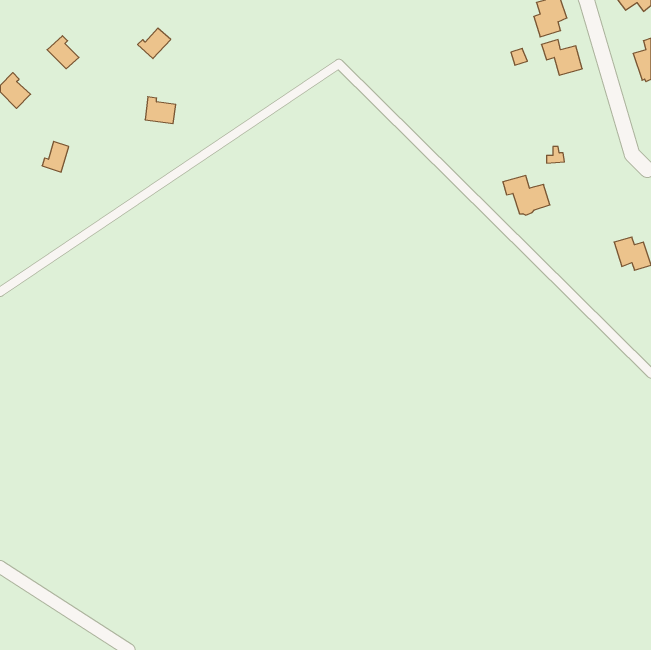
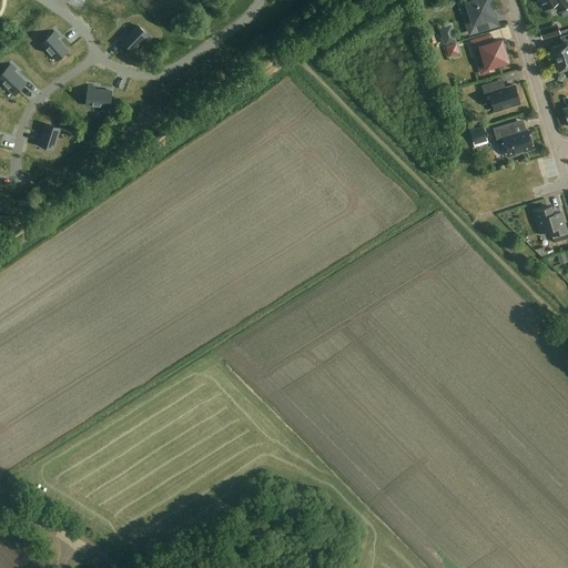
building: none -> [481,78,520,110]
building: [145,97,176,124] -> [85,84,112,108]
building: [503,176,550,215] -> [493,122,534,156]

